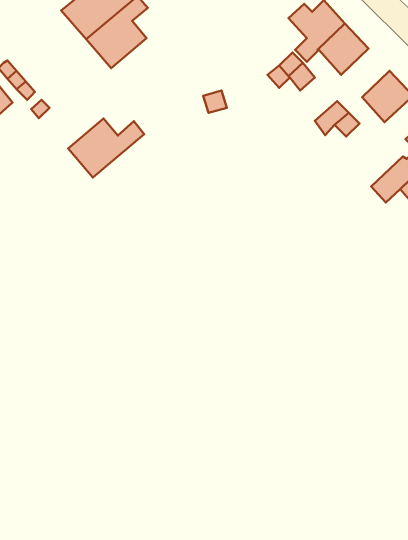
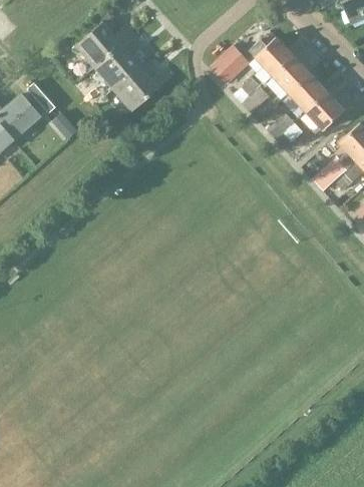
building: none -> [210,46,248,83]
building: none -> [289,74,326,111]
building: [68,118,144,178] -> [113,66,171,111]

